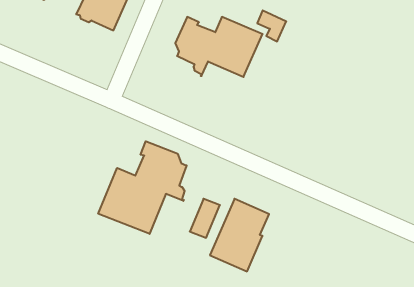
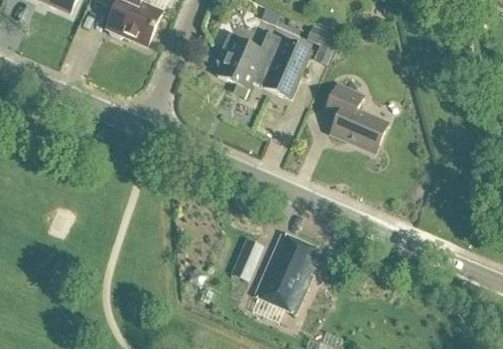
building: none -> [325,82,387,151]
building: [98,141,187,234] -> none

